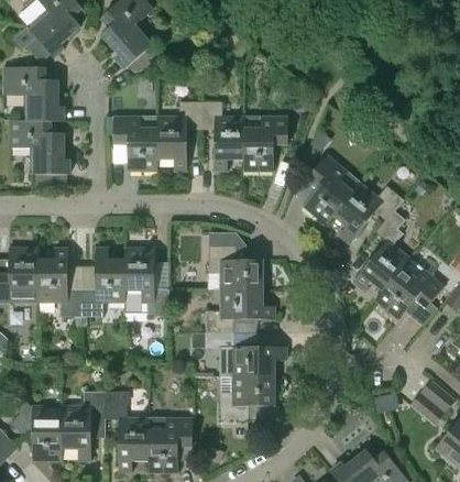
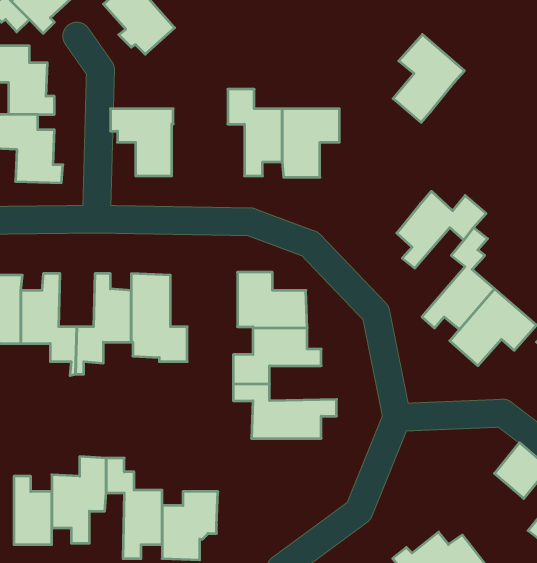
building: [156,101,200,171] -> none
building: [304,154,360,223] -> [393,34,464,122]
building: [219,376,280,420] -> none

